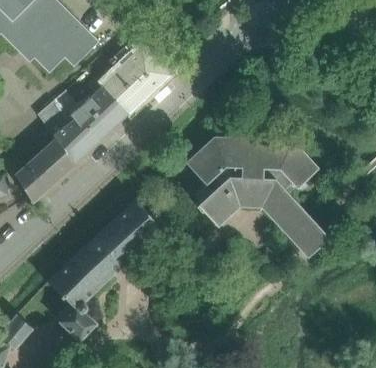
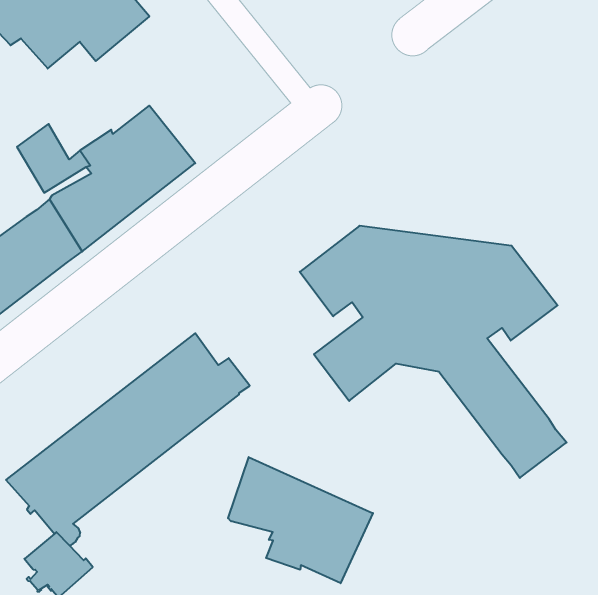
building: [100,46,169,113] -> none
building: none -> [228,457,373,583]

